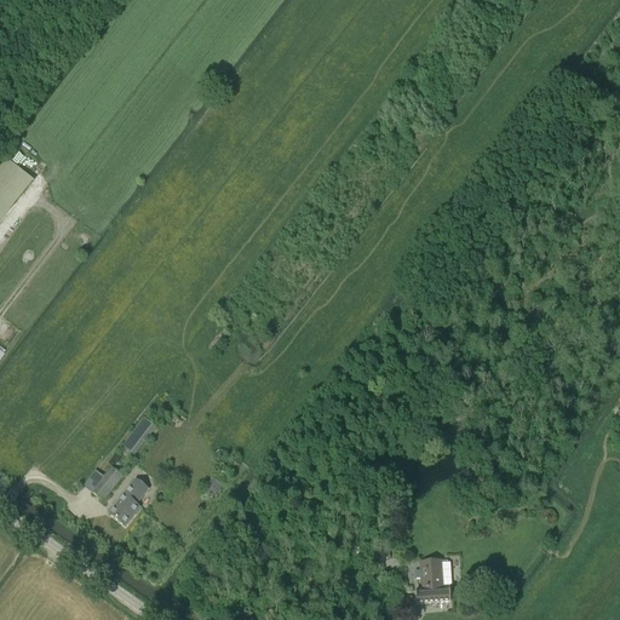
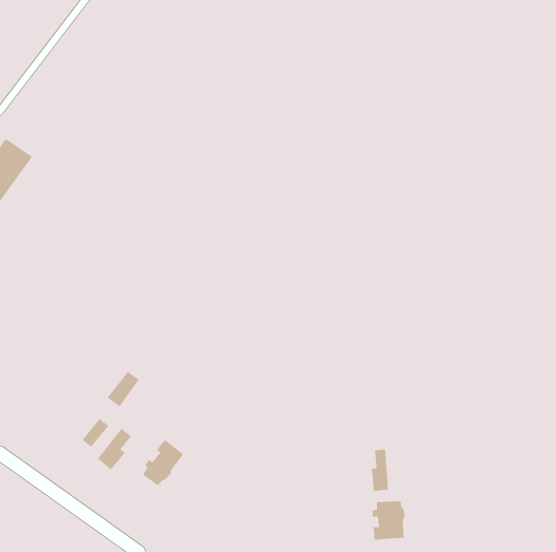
building: none -> [142,439,184,486]
building: none -> [372,449,389,492]

